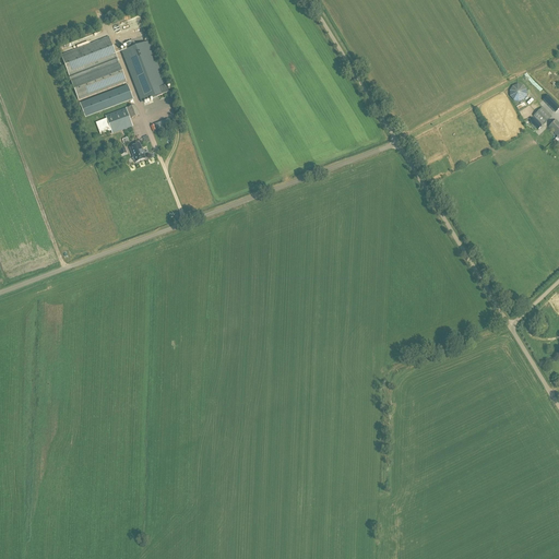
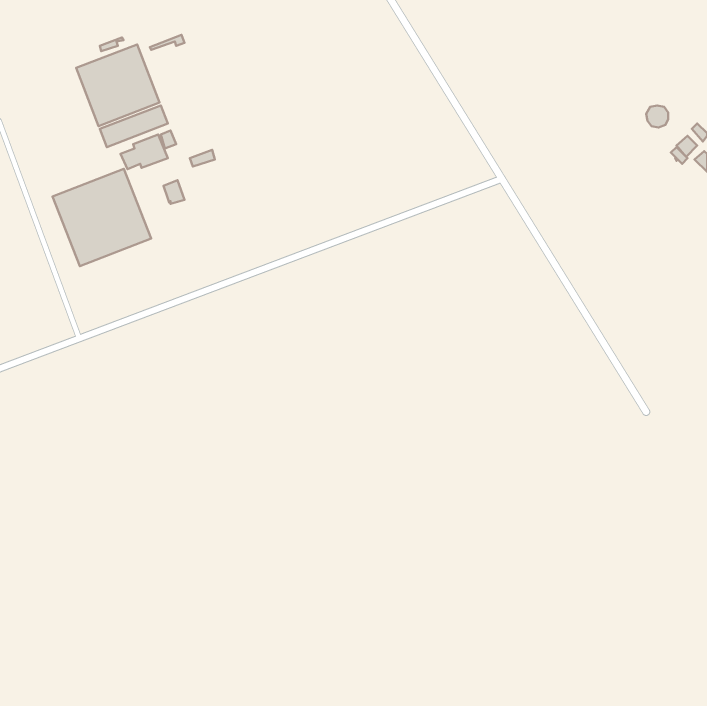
building: [121,40,167,100] -> none
building: none -> [52,169,151,266]

